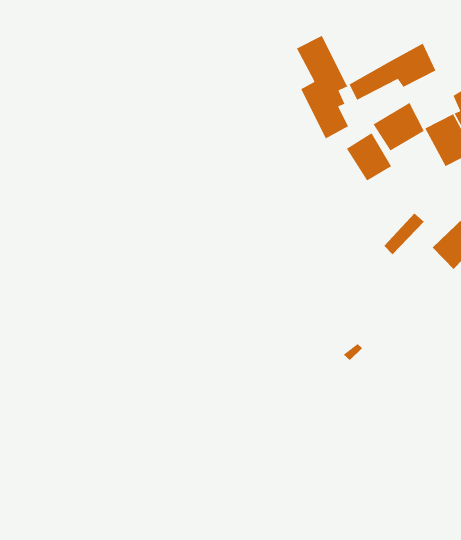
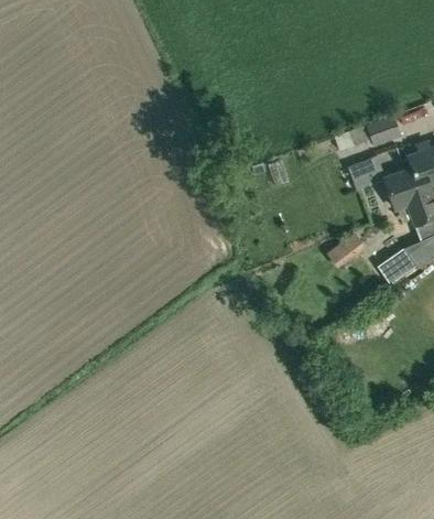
building: [296,35,349,139] -> none
building: [346,132,392,182] -> none

